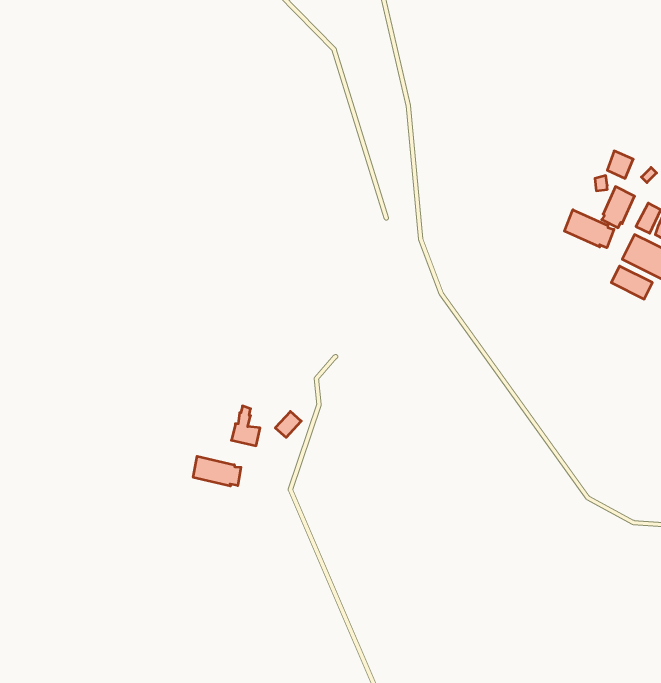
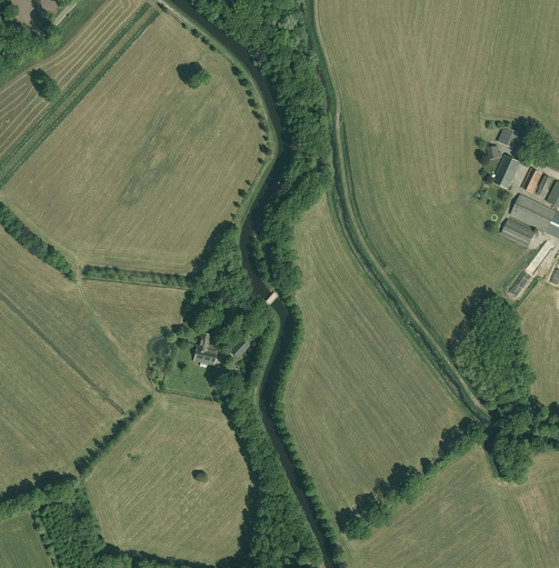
building: [564,210,614,248] -> none
building: [193,456,241,486] -> none

